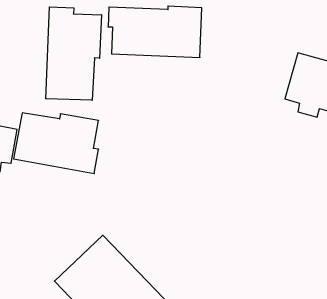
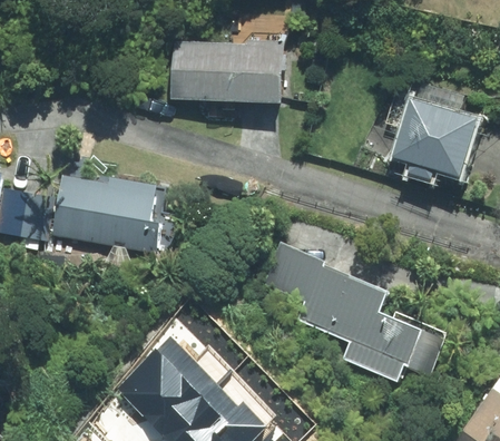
building: [46,7,101,100] -> none
building: none -> [265,246,420,382]

